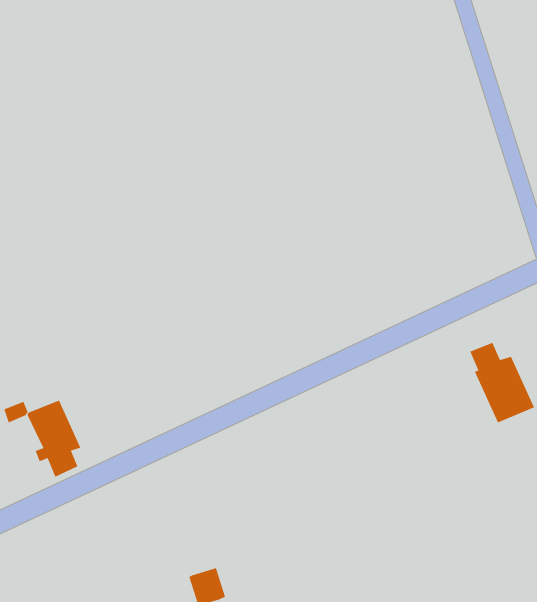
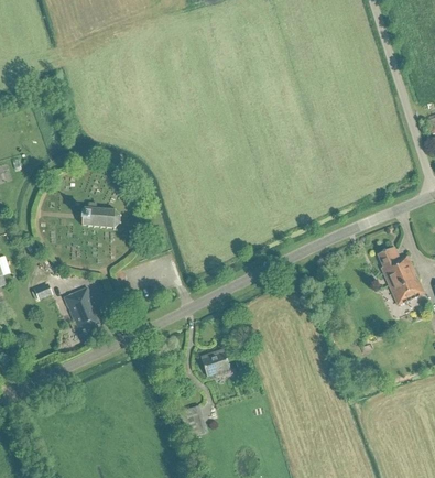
building: none -> [81,202,121,228]
building: none -> [200,348,229,374]

